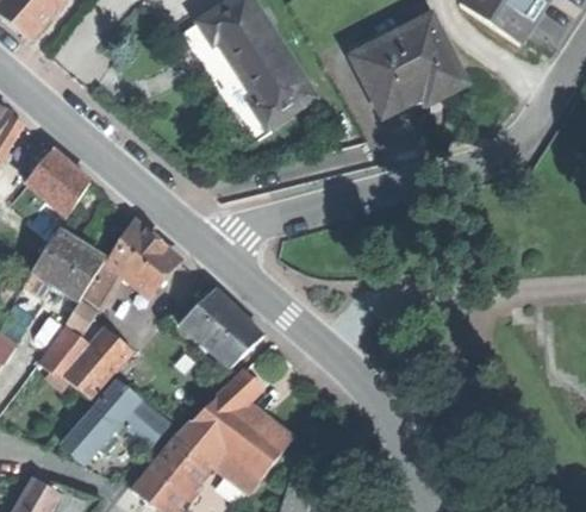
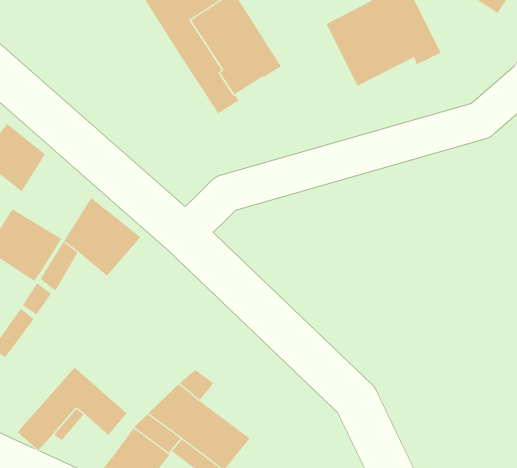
building: [179,288,263,367] -> none
building: [68,331,131,398] -> none

